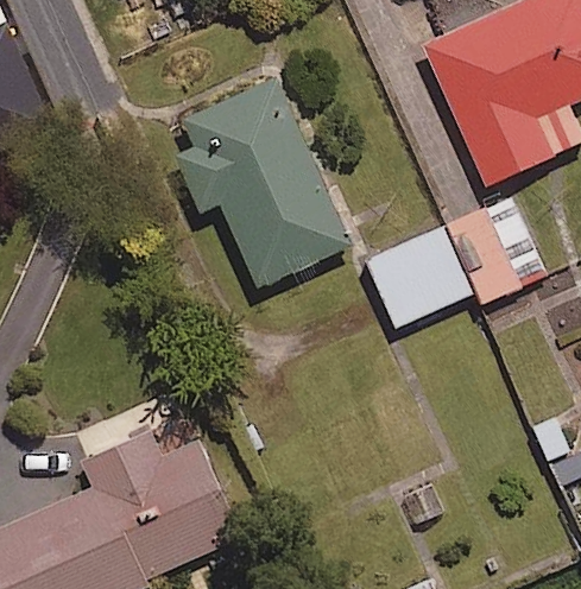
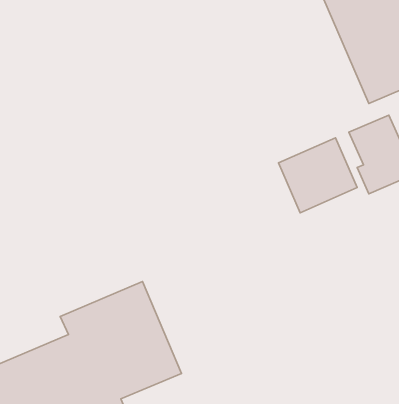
building: [169,77,348,287] -> none

